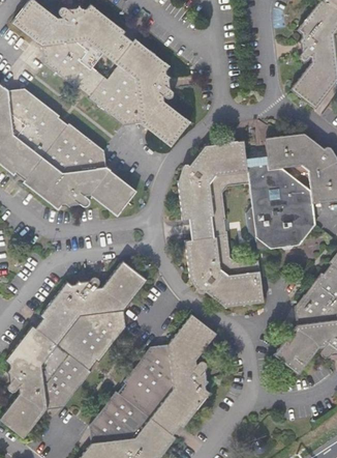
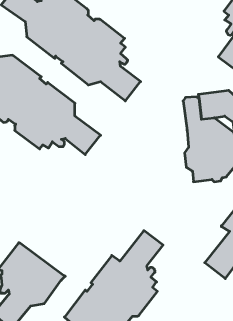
building: [177,141,265,309] -> none
building: [34,263,146,372] -> none

